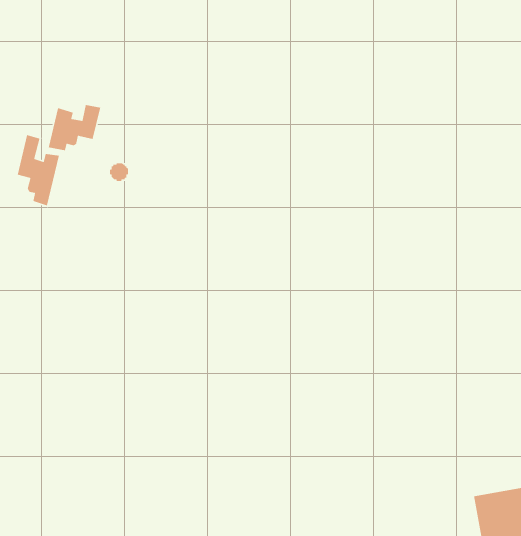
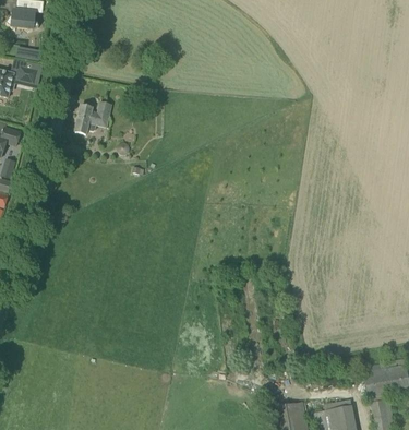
building: [17,134,60,207] -> none

